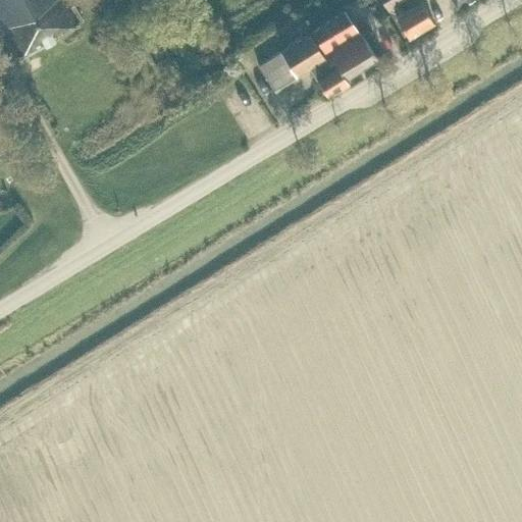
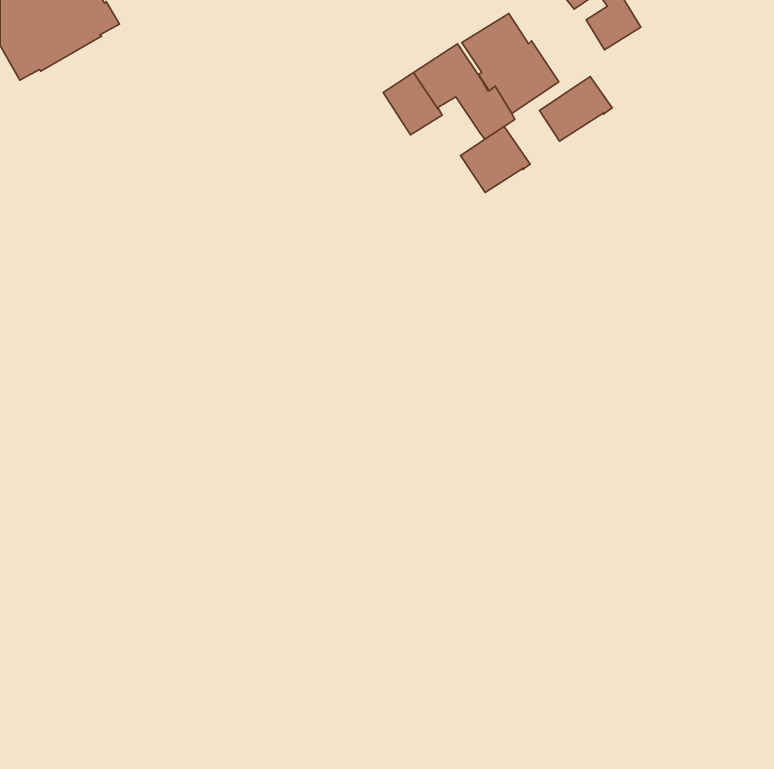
building: none -> [539,77,612,141]
building: none -> [461,127,530,192]

